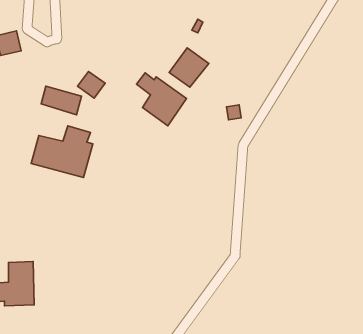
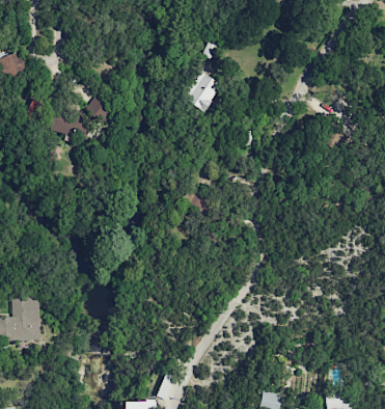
building: [136,73,187,126] -> none
building: [31,126,93,177] -> none

